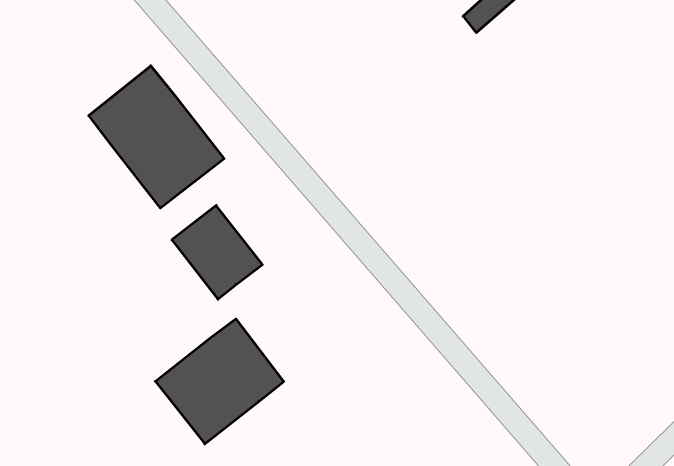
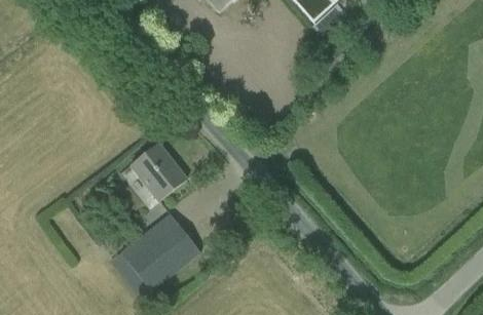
building: [89,66,224,208] -> none

